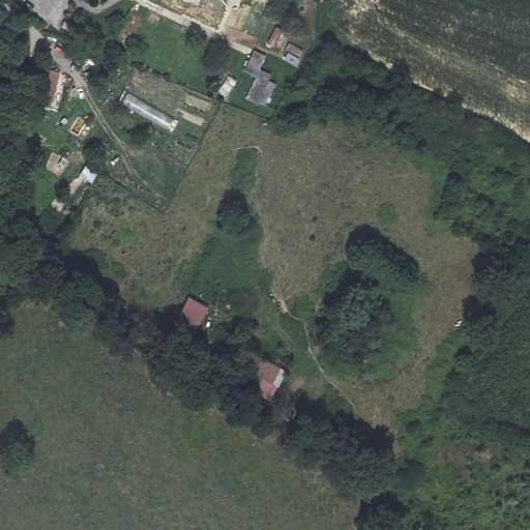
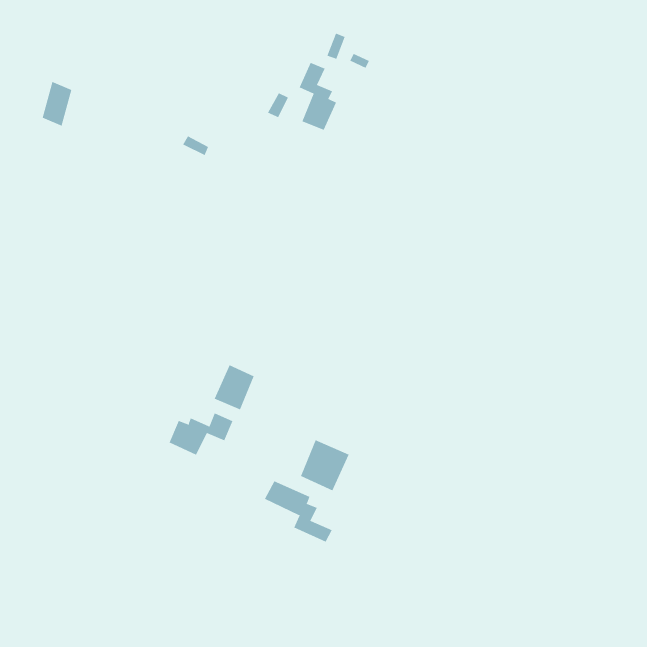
building: none -> [169,412,233,456]
building: none -> [264,481,332,543]

